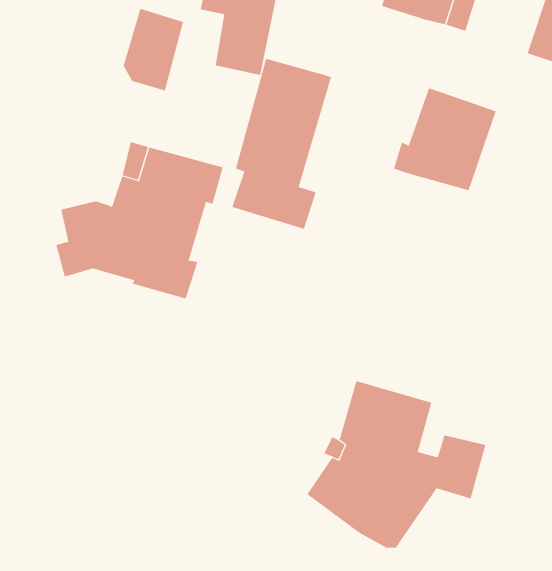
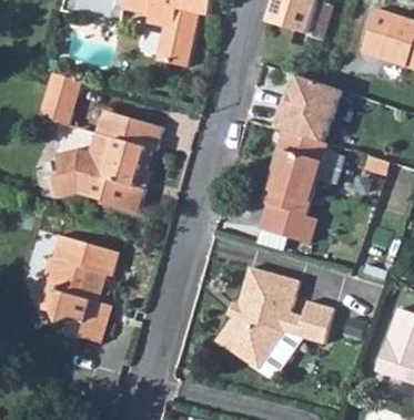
building: [123,8,184,91] -> [41,72,81,126]
building: [232,58,332,229] -> [261,131,326,243]
building: none -> [41,234,119,342]

